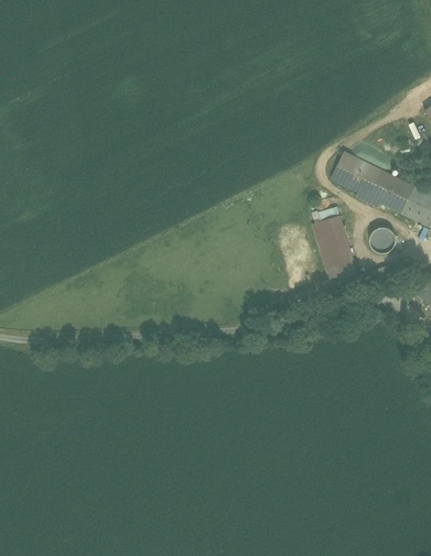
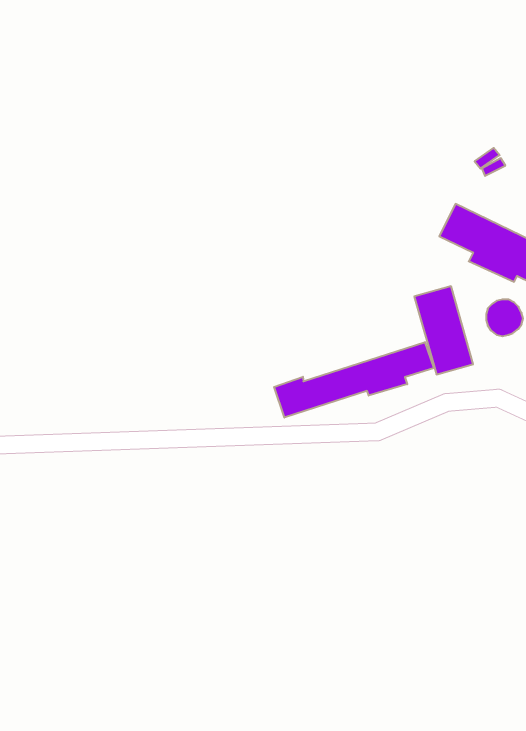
building: none -> [274,342,434,418]

